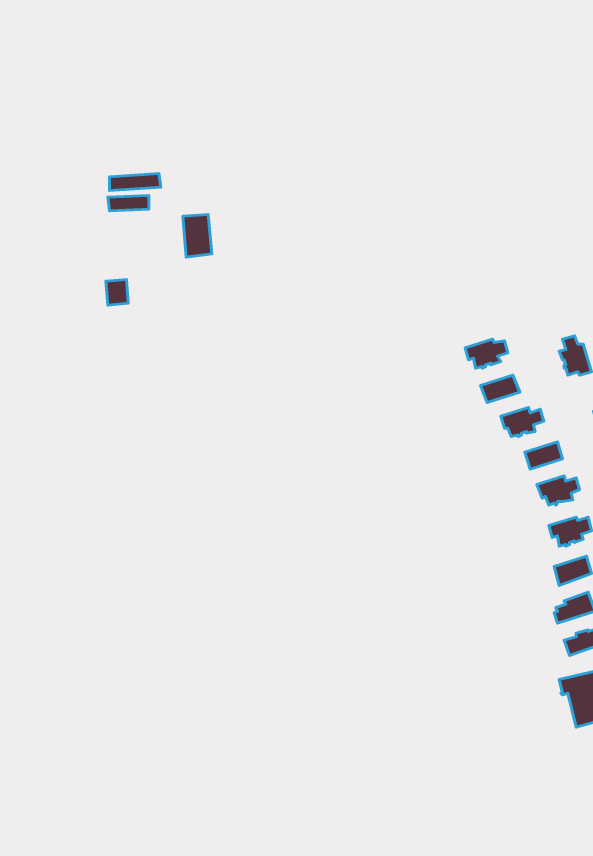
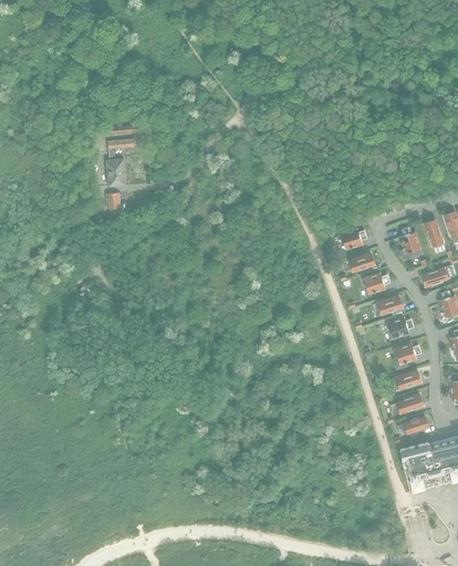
building: [183,215,212,257] -> [106,158,125,186]

